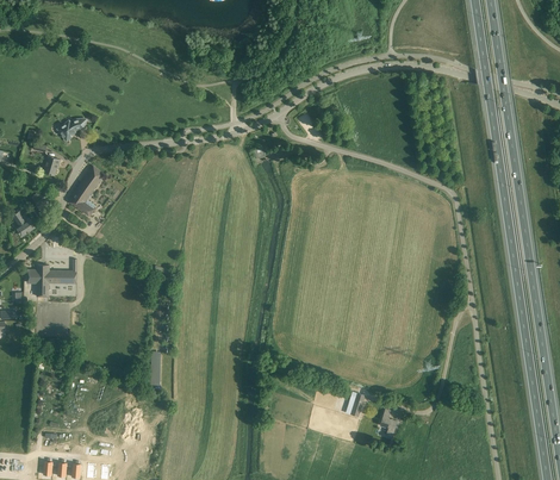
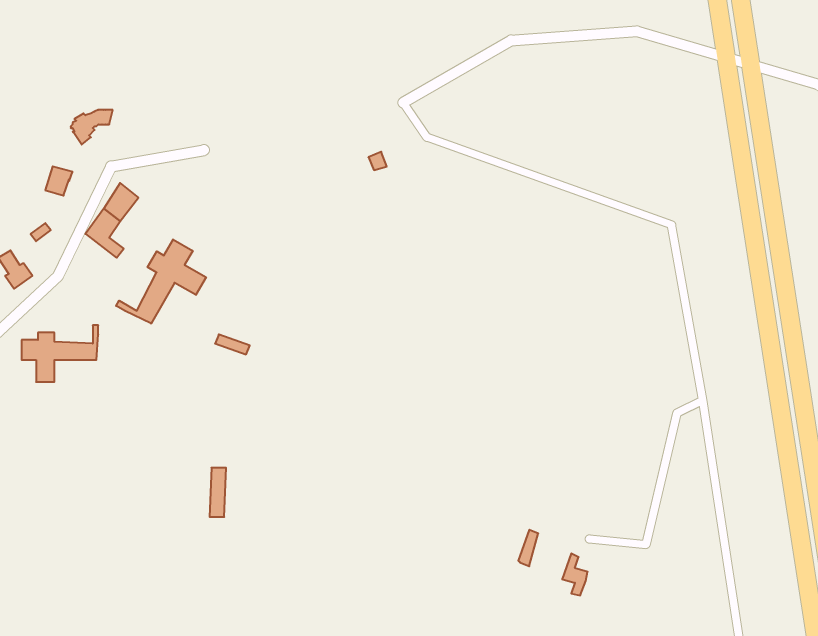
building: none -> [116,239,206,324]

